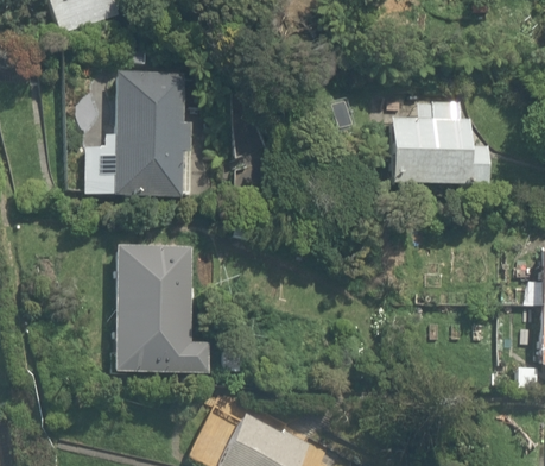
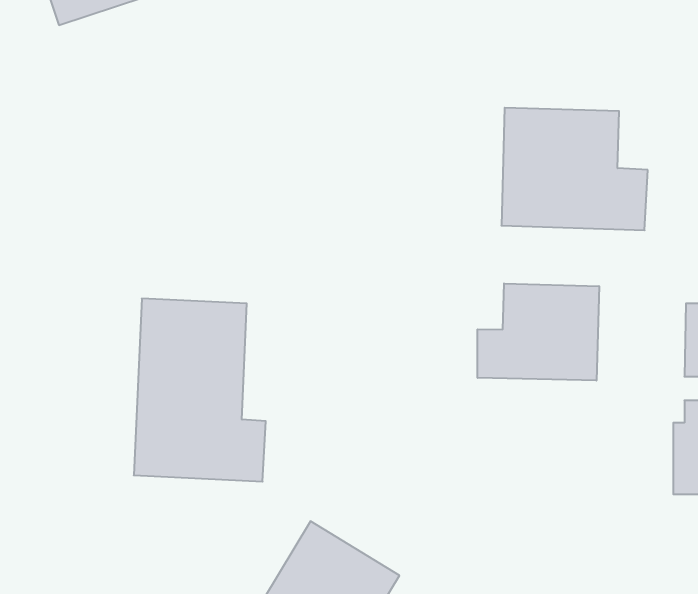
building: [84,68,191,196] -> none
building: none -> [478,283,599,381]

